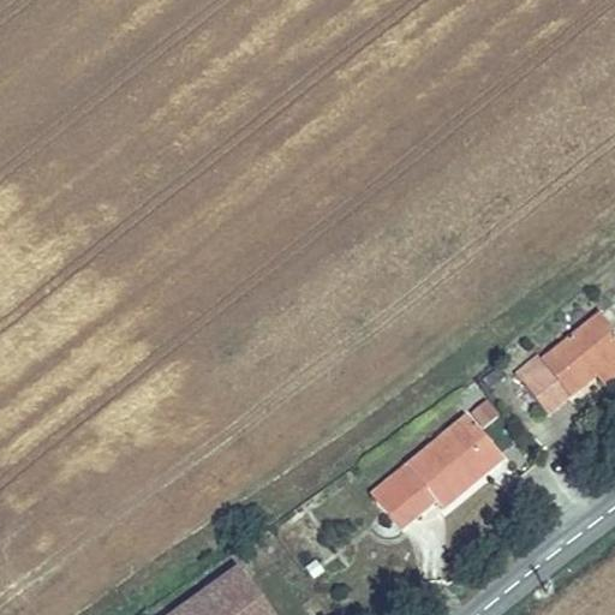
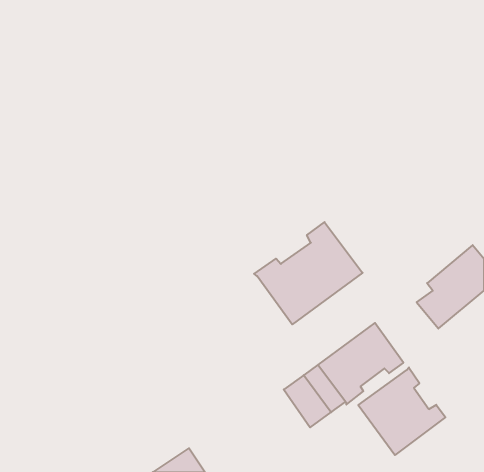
building: none -> [254,222,363,324]
building: none -> [358,367,445,455]

